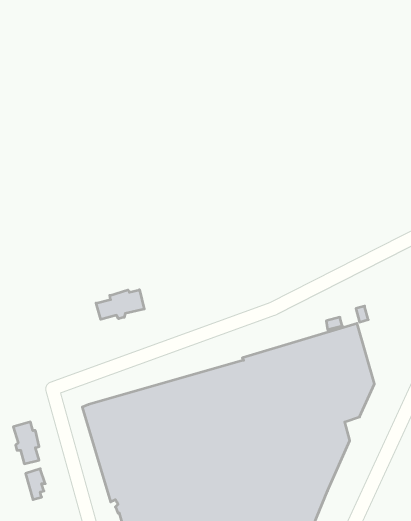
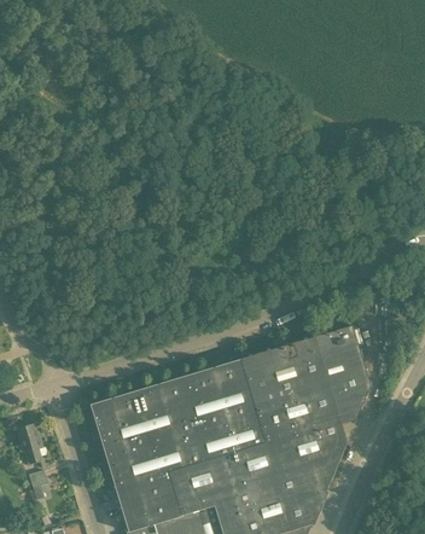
building: [96,290,144,319] -> none

